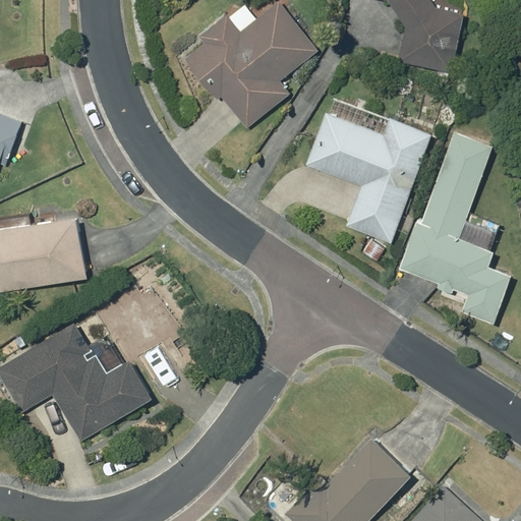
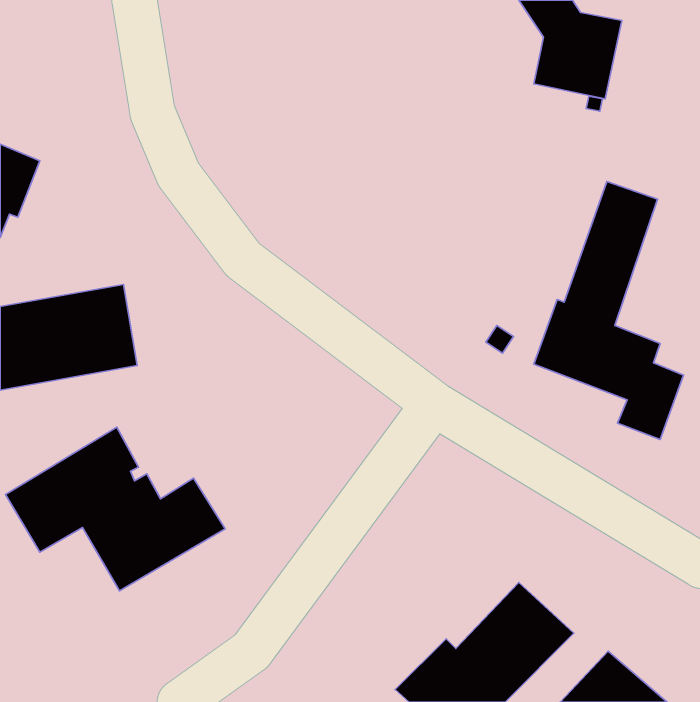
building: [182,4,314,128] -> none
building: [303,99,429,244] -> none

